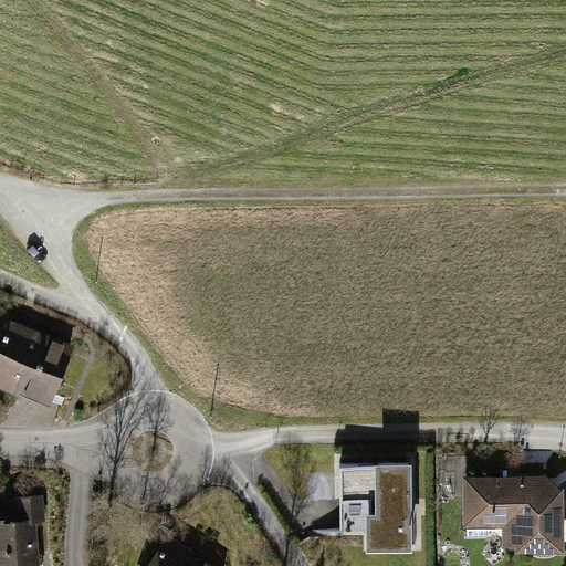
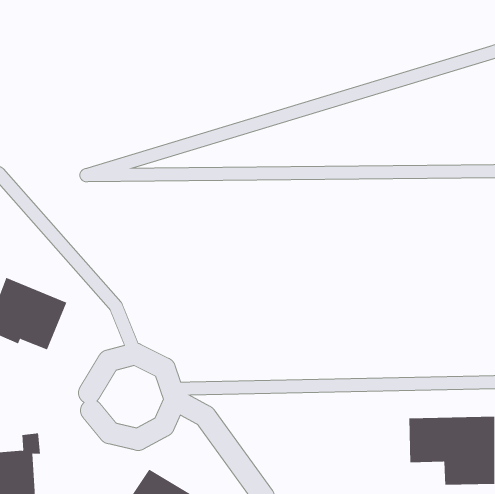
building: [333,464,408,554] -> none

